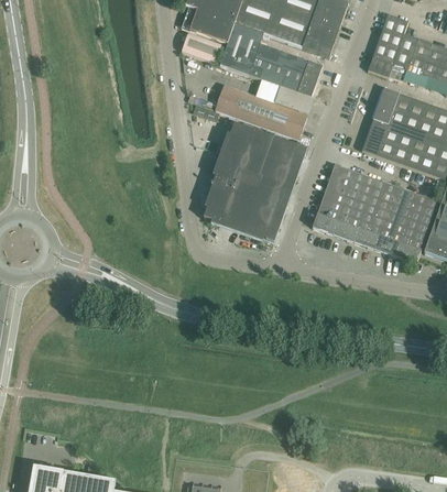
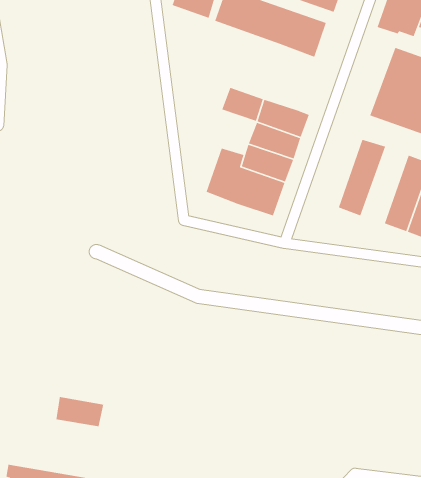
building: [215,84,313,139] -> none
building: [203,144,258,219] -> none
building: [312,163,353,233] -> none
building: [352,177,395,248] -> none
building: none -> [56,396,104,427]

